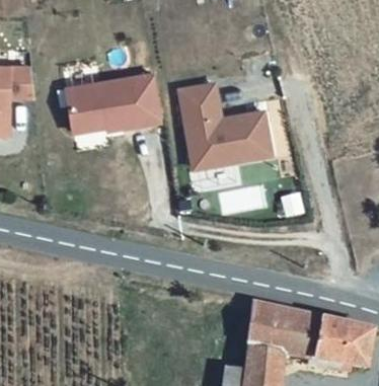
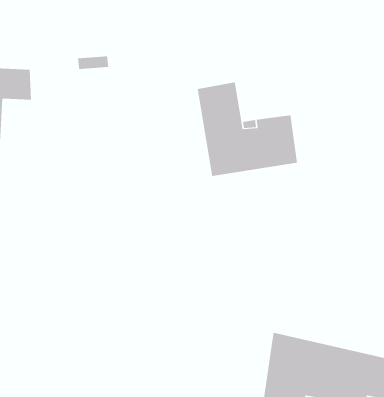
building: [69,74,163,130] -> none

